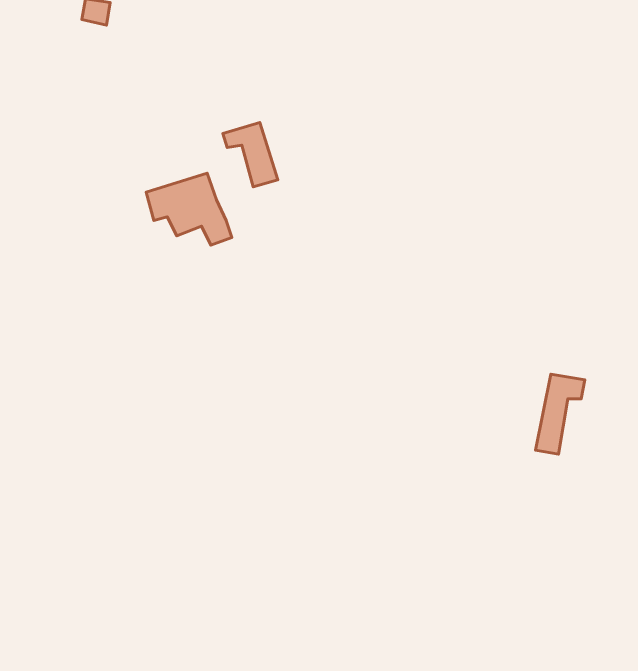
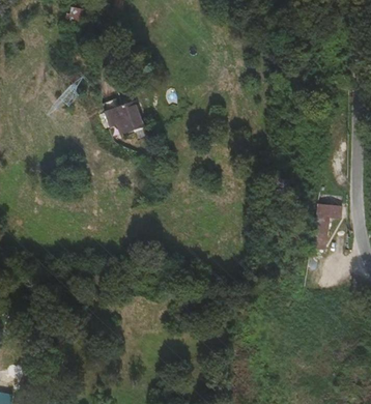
building: [223,123,278,187] -> none

